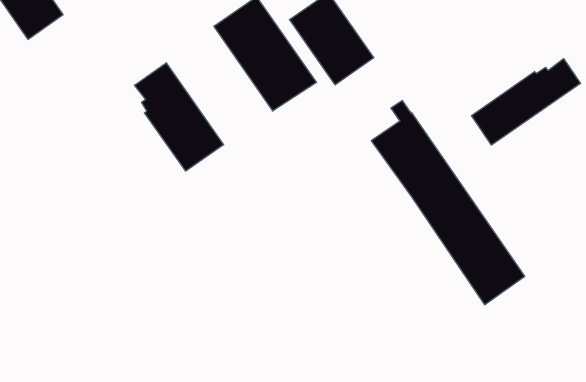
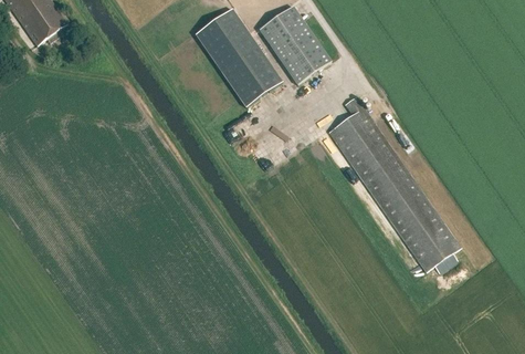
building: [471,59,581,145] -> none
building: [134,63,224,171] -> none

